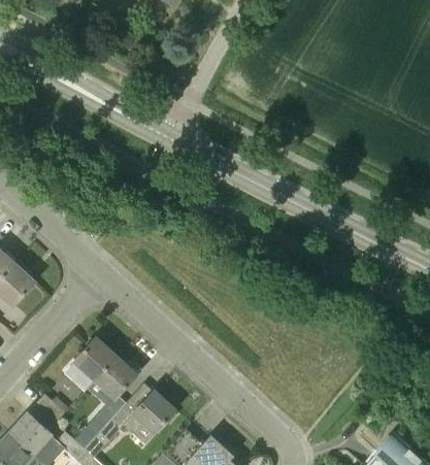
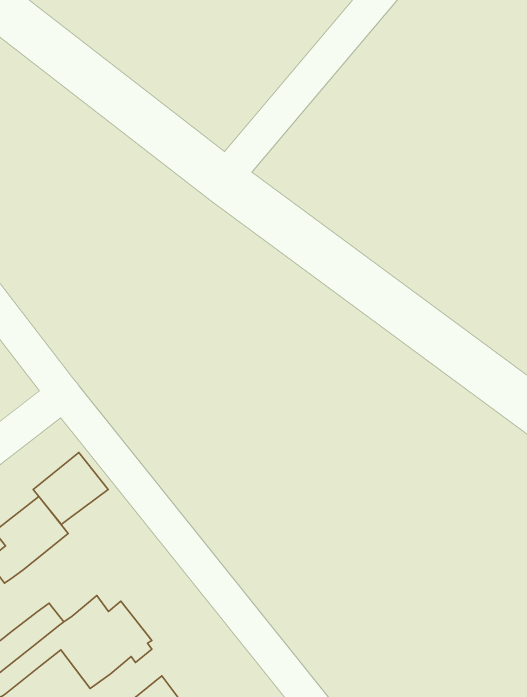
building: [94,356,137,399] -> [33,453,108,524]

